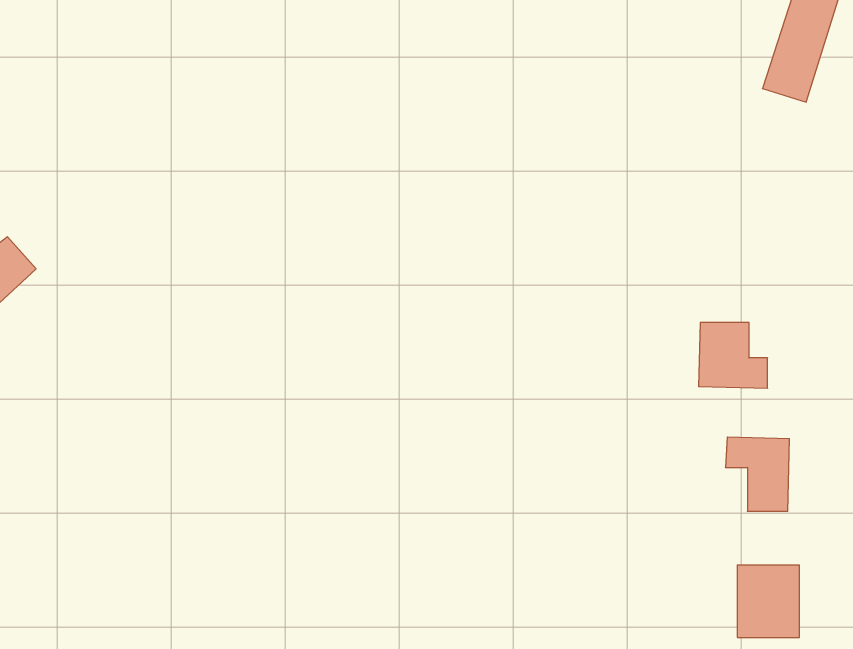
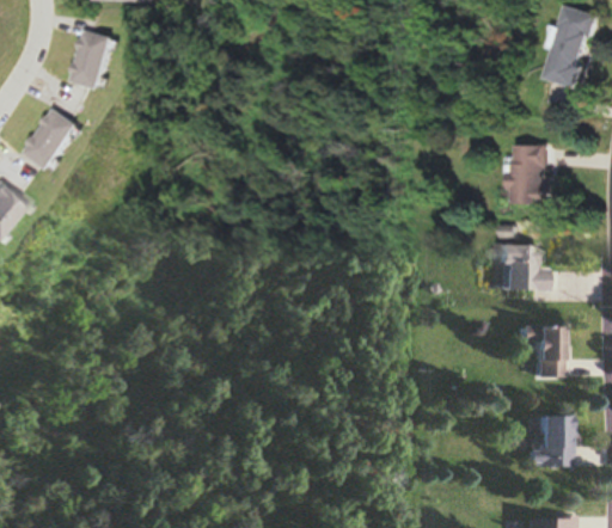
building: none -> [69,29,114,88]
building: none -> [23,106,80,170]
building: none -> [512,143,545,202]

